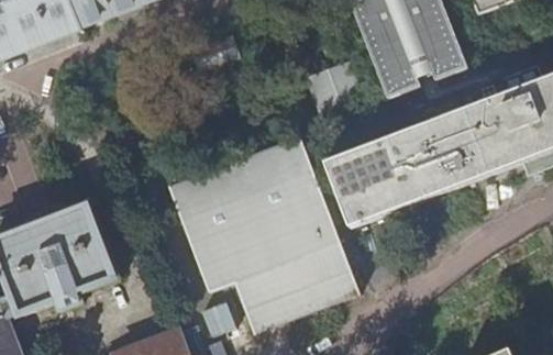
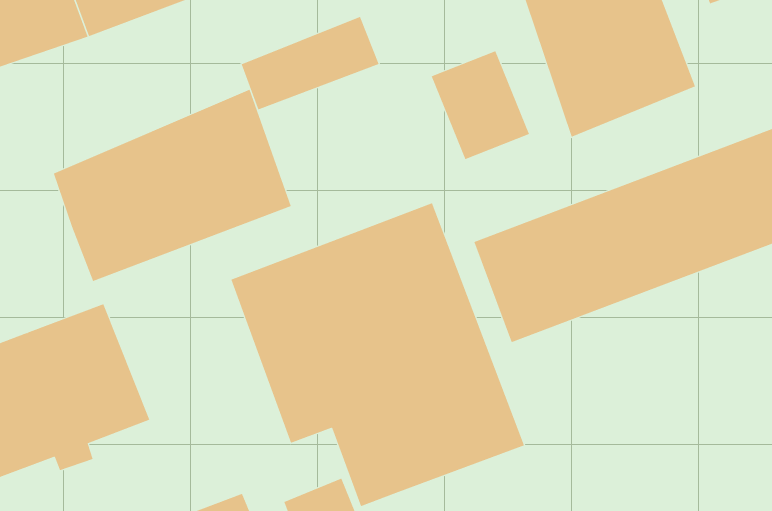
building: none -> [53,89,292,282]

